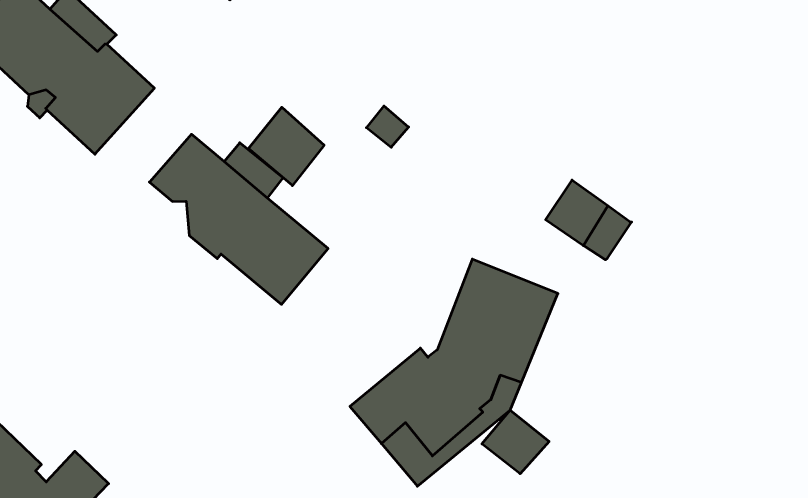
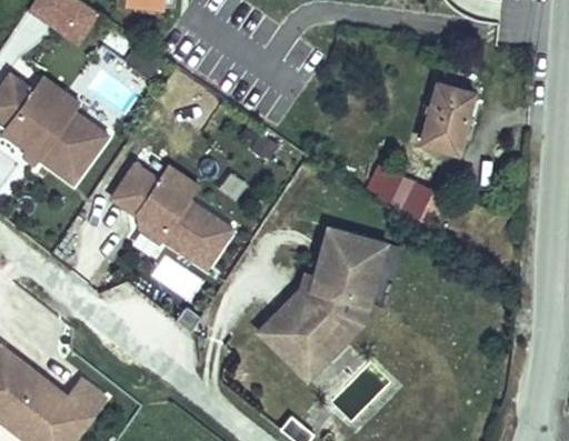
building: none -> [421,81,472,150]
building: [248,107,324,186] -> none
building: [482,410,549,474] -> none

